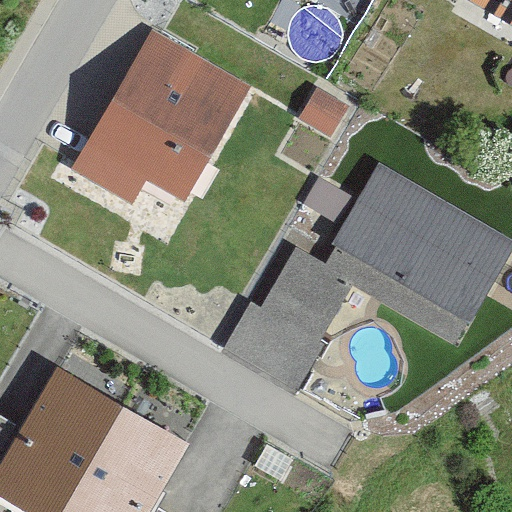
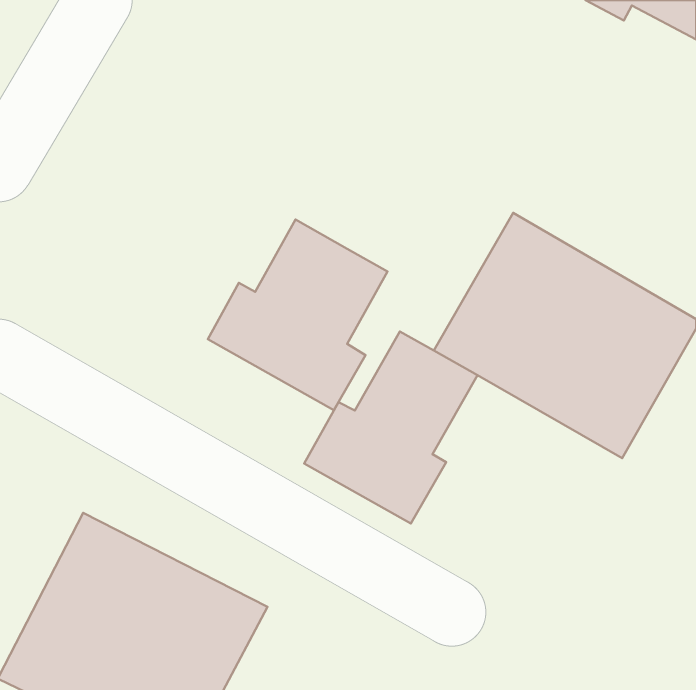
building: [70,27,252,204] -> none
building: none -> [208,220,387,410]

